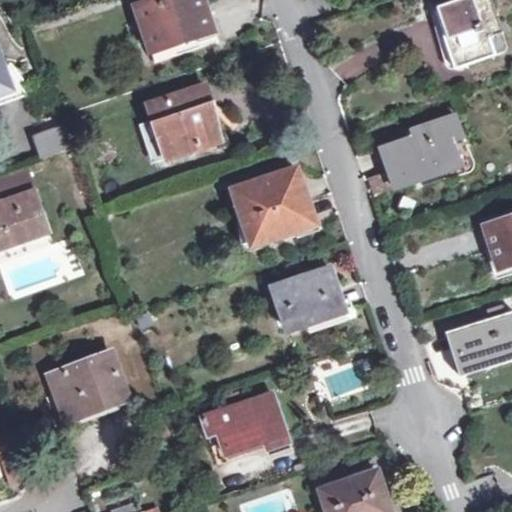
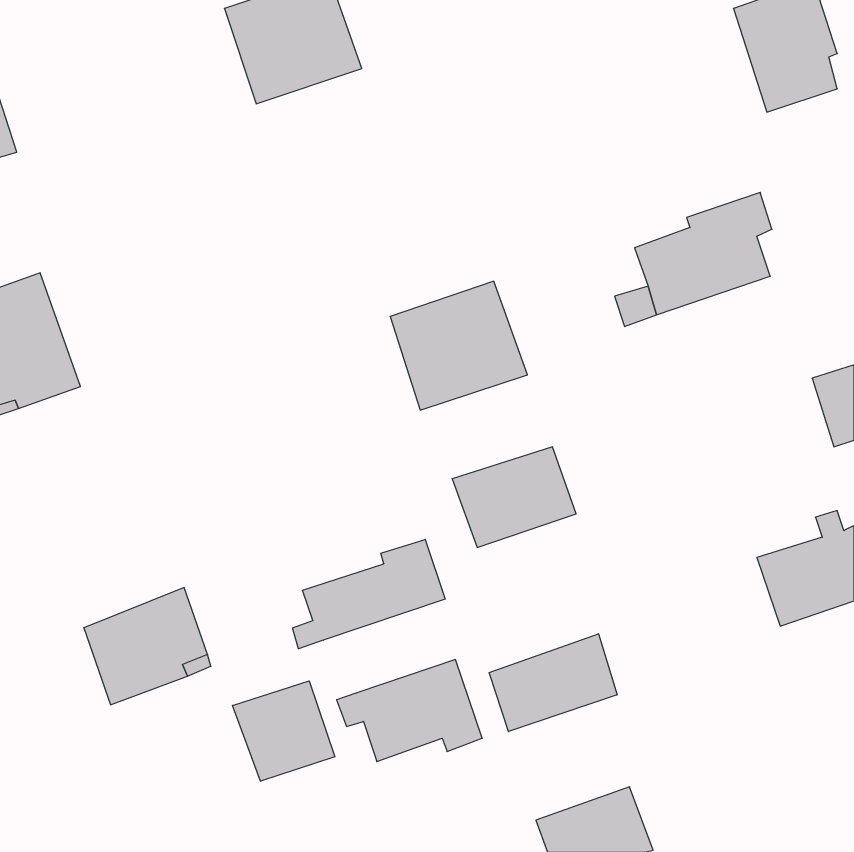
building: [138,88,222,163] -> none
building: [31,123,70,157] -> none
building: none -> [293,539,445,649]
building: none -> [489,634,617,732]
building: none -> [233,681,335,781]

